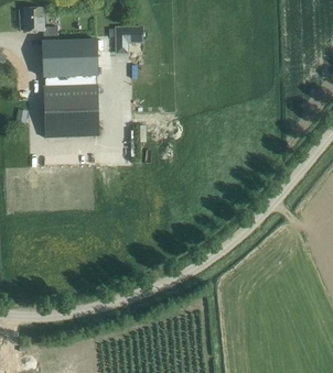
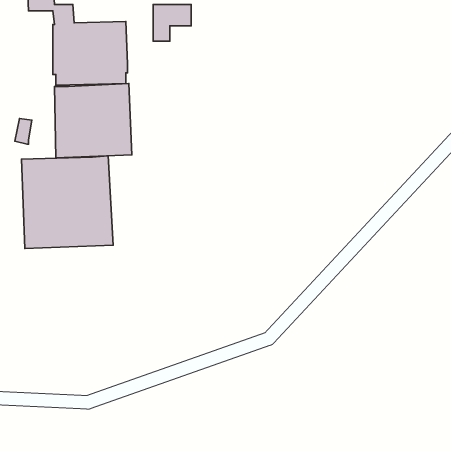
building: none -> [21,156,113,249]

